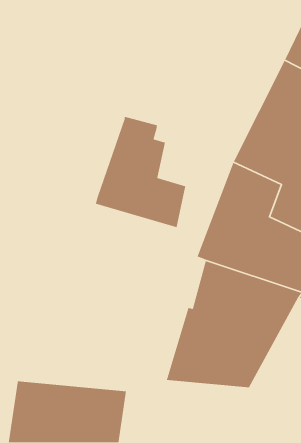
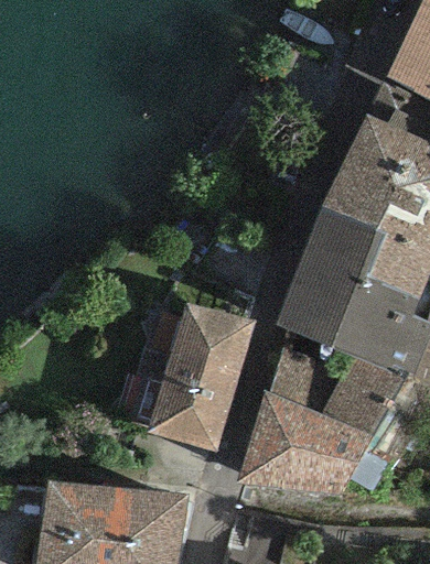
building: [95,116,186,228] -> none
building: none -> [149,302,256,452]

